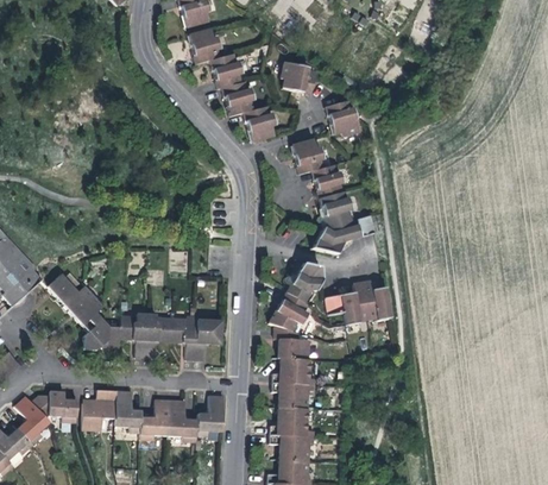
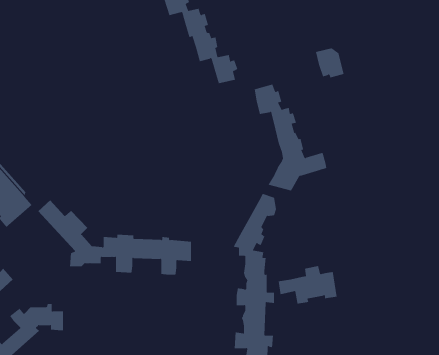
building: [283,64,319,97] -> none
building: [327,103,360,138] -> [315,48,344,78]
building: [323,284,391,328] -> [278,265,338,304]
building: [83,388,226,440] -> none

